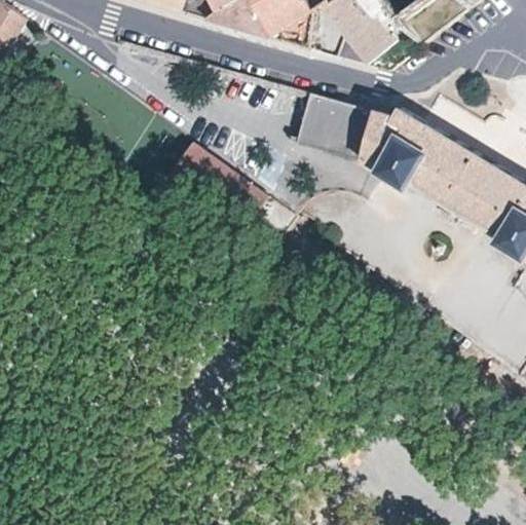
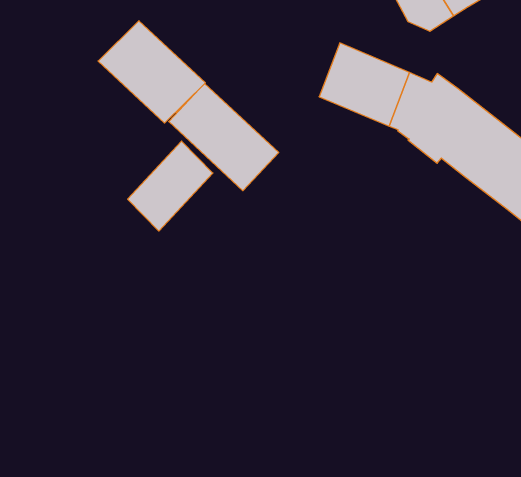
building: none -> [98,21,205,123]
building: none -> [128,141,213,231]

